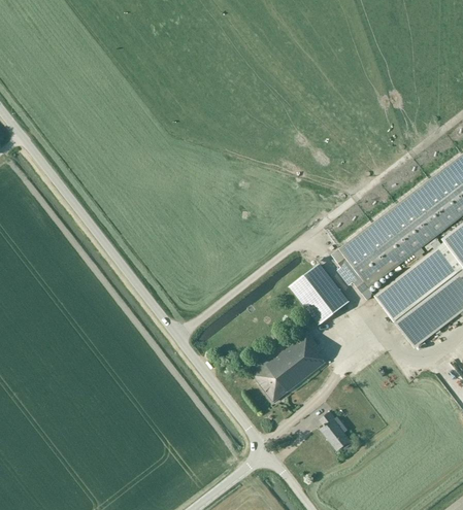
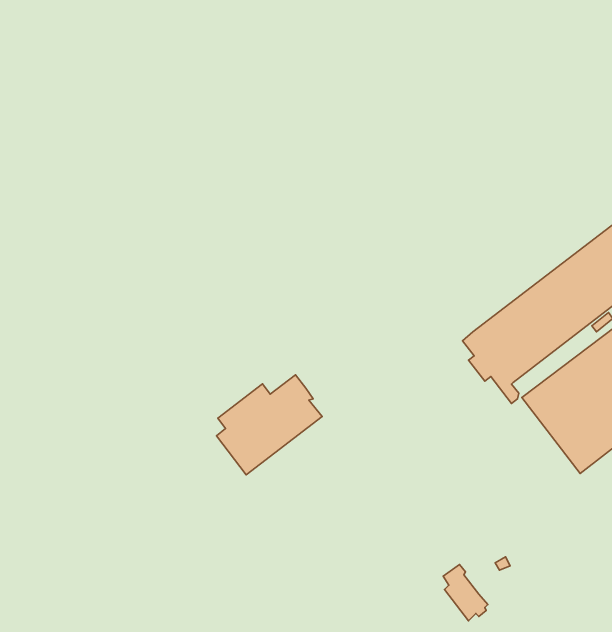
building: [291,262,349,322] -> none
building: [253,331,326,400] -> [216,375,322,475]

